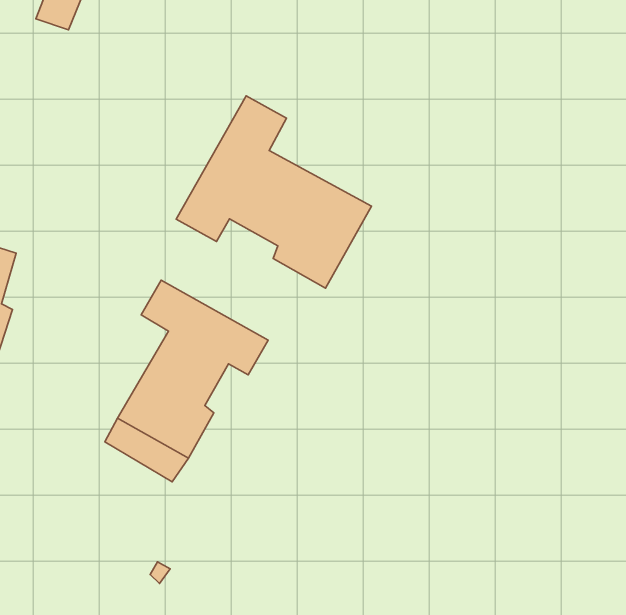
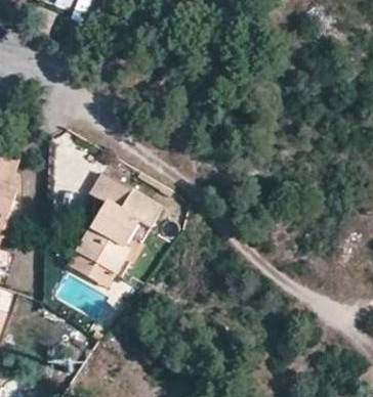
building: [176,96,372,288] -> none

